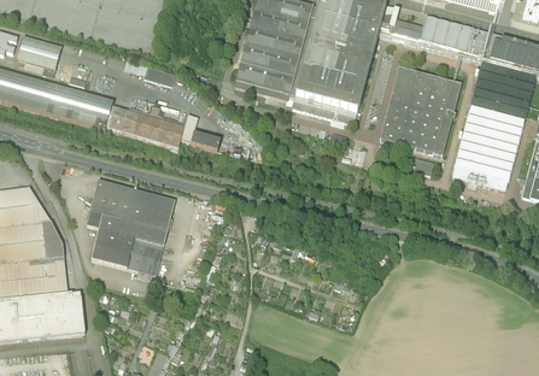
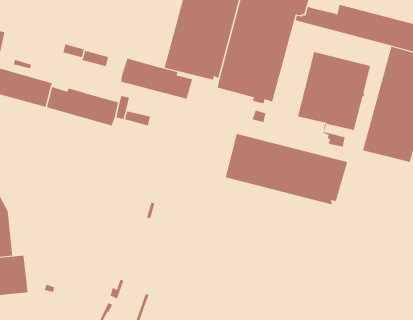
building: none -> [120,58,193,100]
building: none -> [225,133,348,205]
building: [87,180,176,275] -> none

